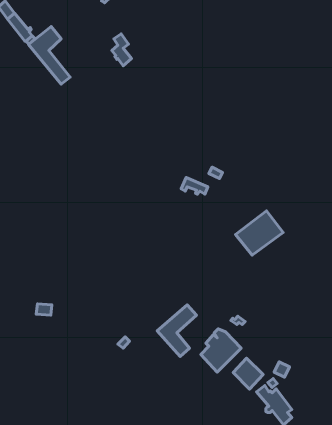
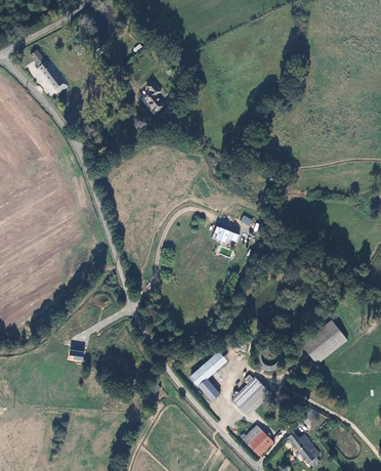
building: [29,26,70,84] -> none
building: [236,211,283,255] -> [299,320,346,365]
building: [233,358,263,389] -> [241,426,270,457]

